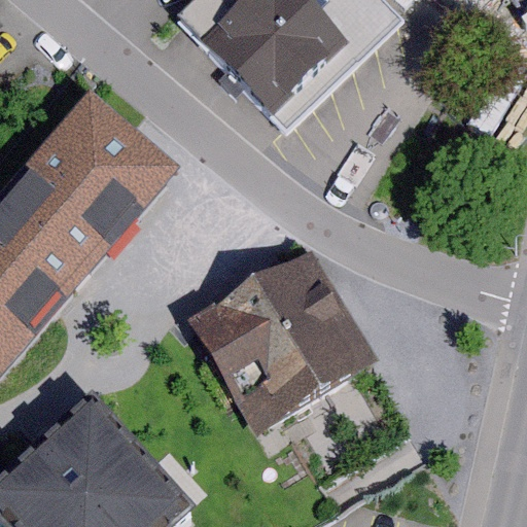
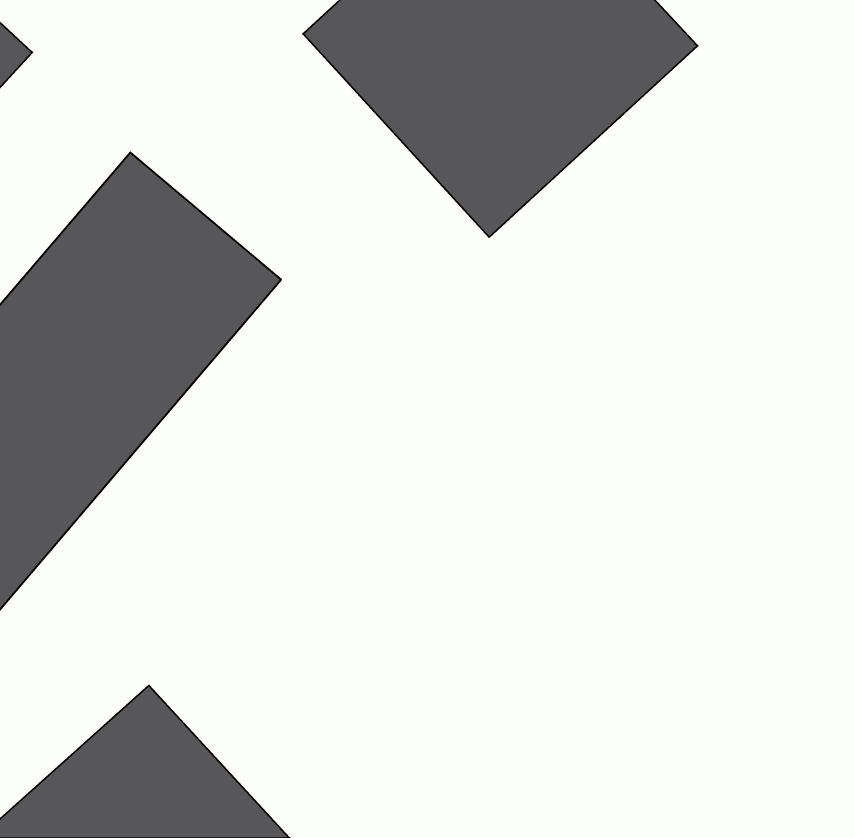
building: [182,262,386,438] -> none

